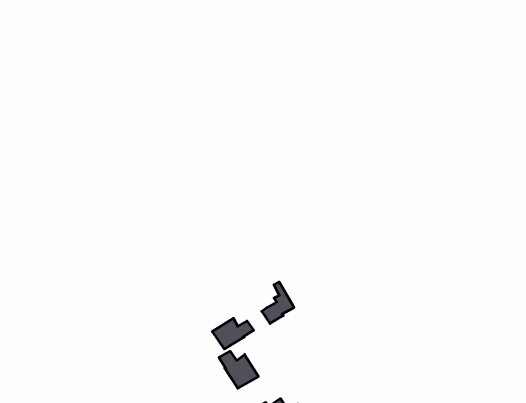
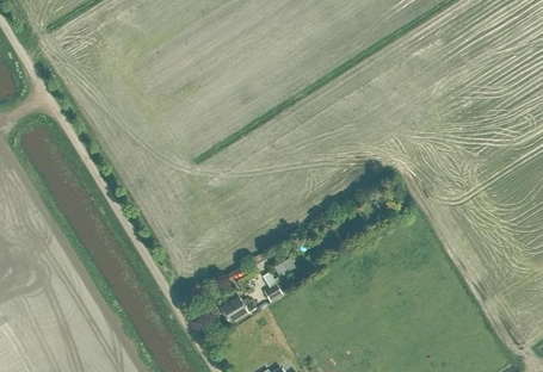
building: [219,351,258,388] -> none

